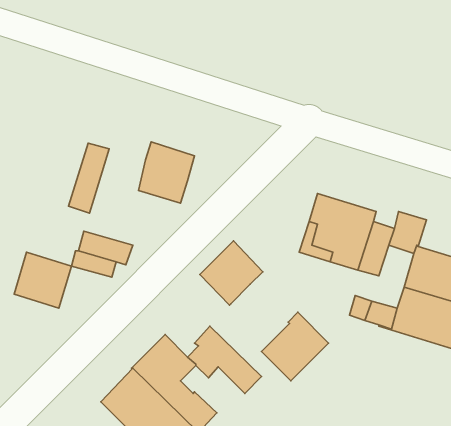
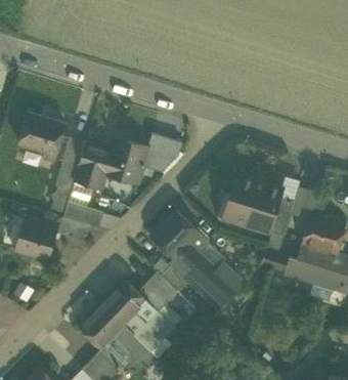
building: none -> [18,112,67,154]
building: none -> [142,134,181,173]
building: none -> [74,143,112,188]
building: none -> [170,243,217,292]

